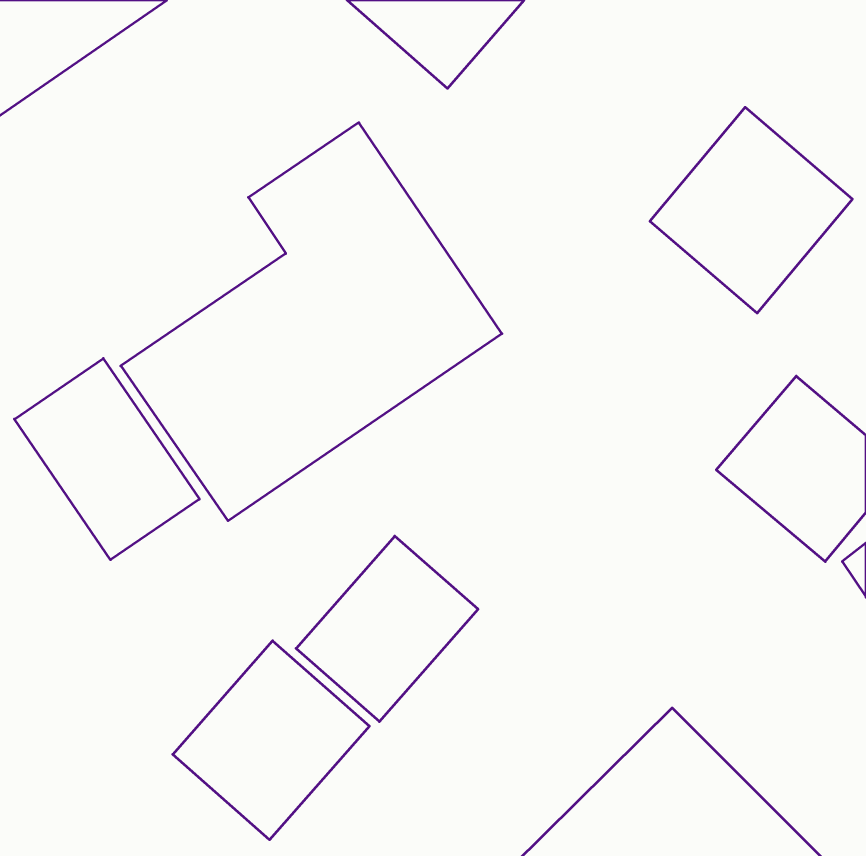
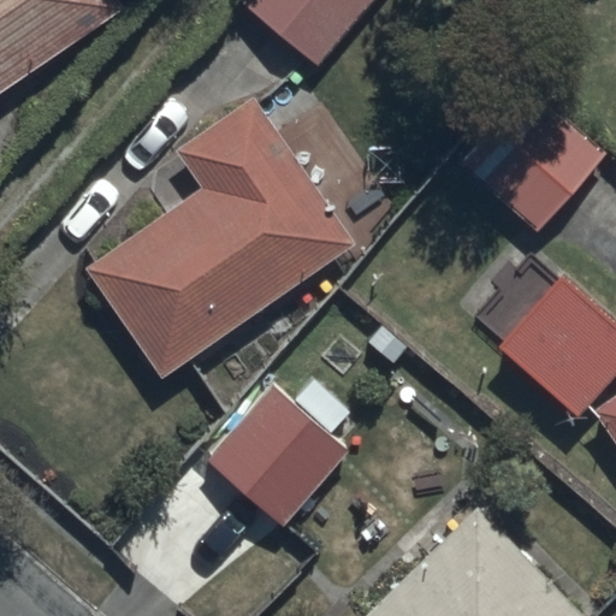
building: [14,358,199,560] -> none
building: [173,641,369,840] -> none

